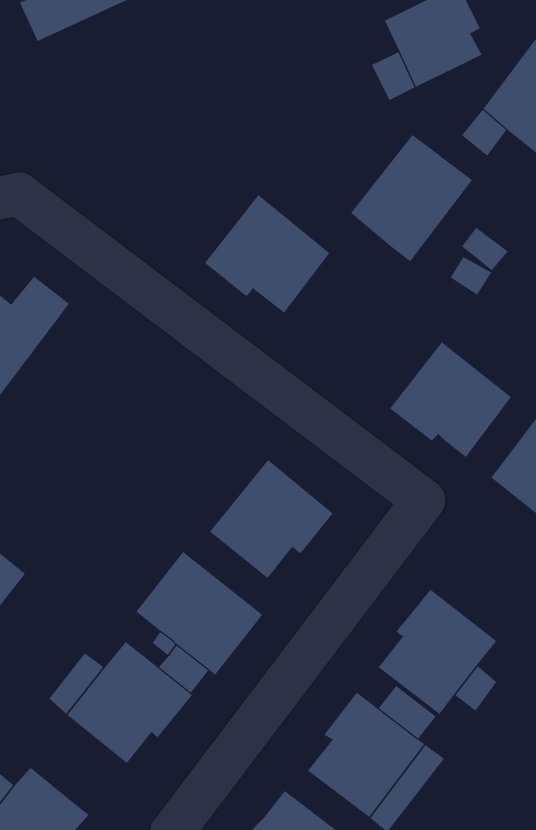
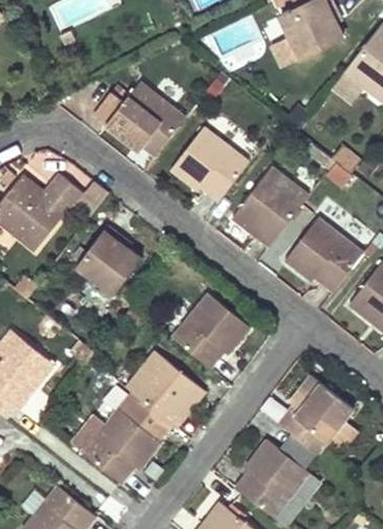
building: none -> [91,80,184,155]
building: [350,134,473,262] -> [230,165,308,246]
building: none -> [78,226,143,297]

